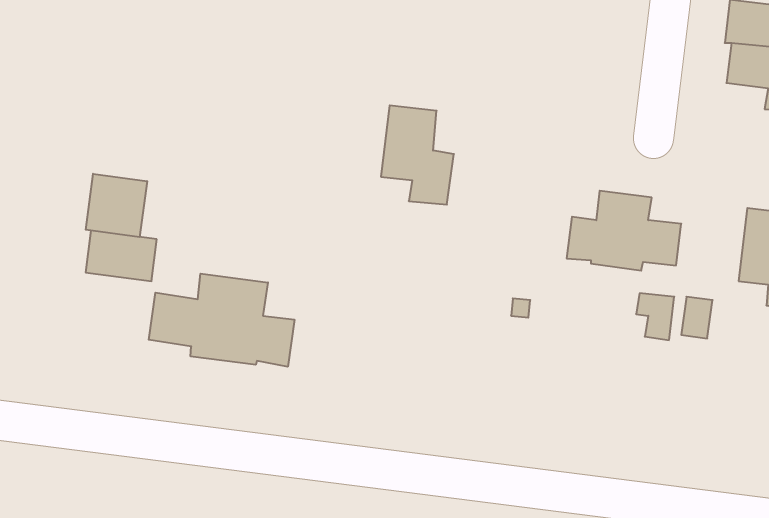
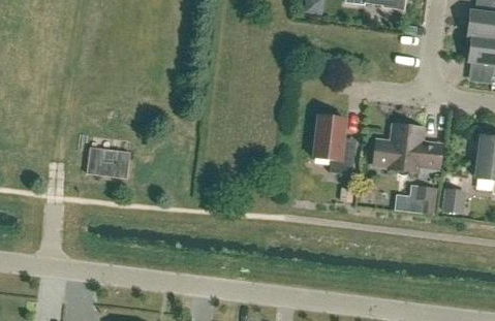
building: [381,105,454,205] -> [312,115,355,173]
building: [86,174,147,237] -> none
building: [149,274,294,367] -> none

